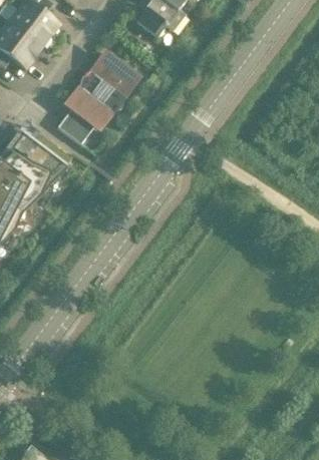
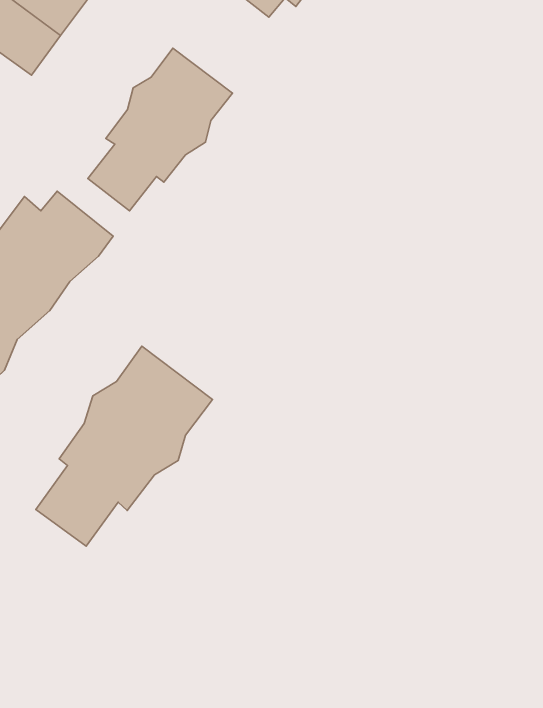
building: none -> [36,346,213,546]

